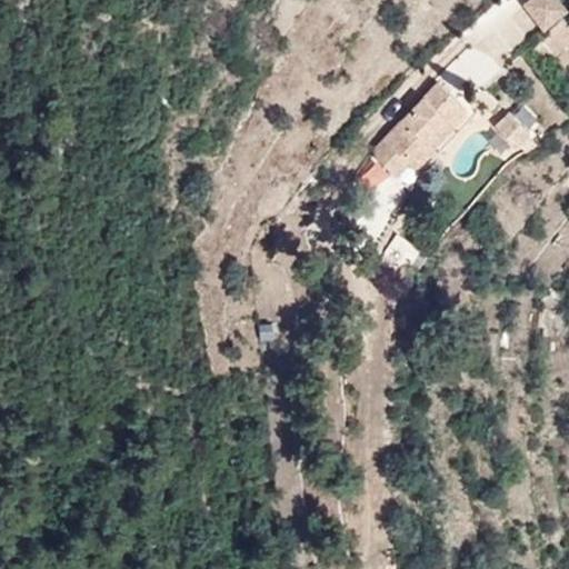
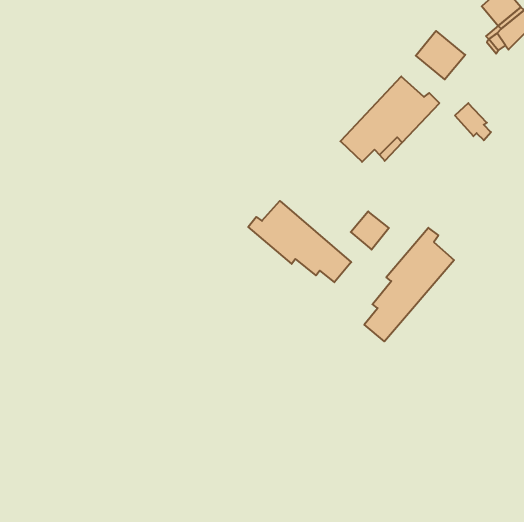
building: none -> [248,201,351,282]
building: none -> [364,228,454,341]

